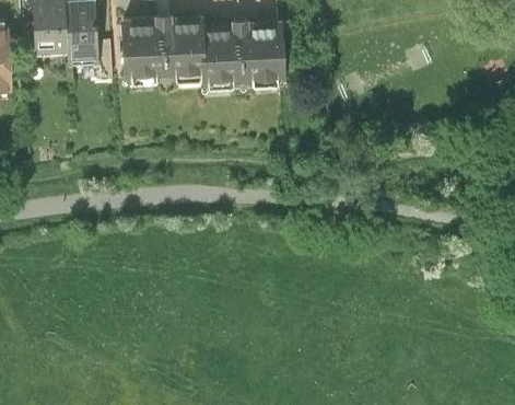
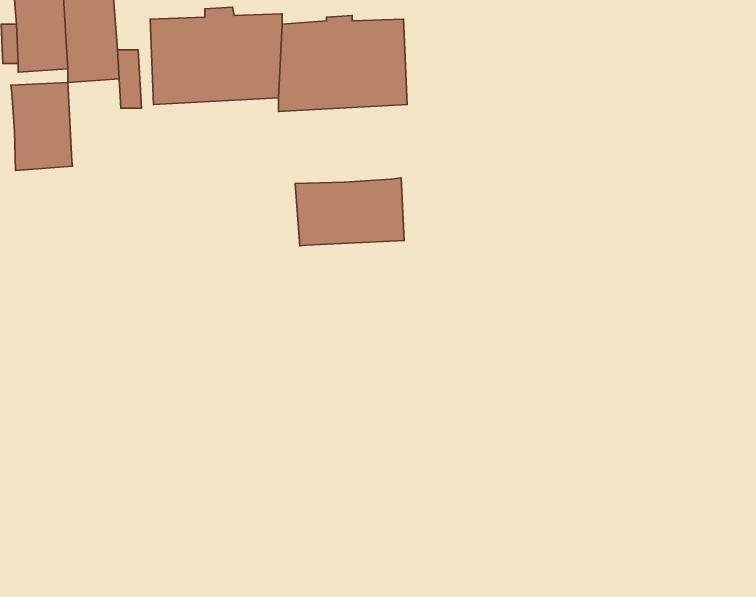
building: none -> [11,82,73,171]
building: none -> [295,178,404,246]

